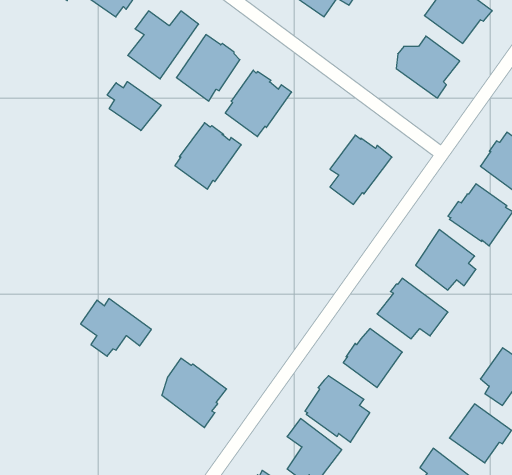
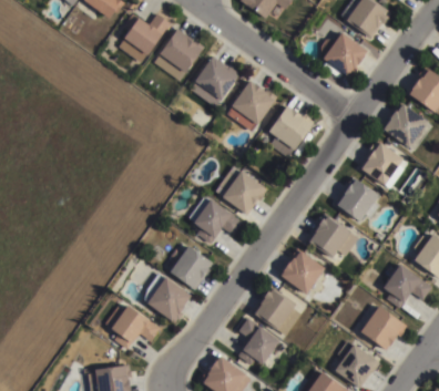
building: [107,82,161,131] -> none
building: [175,123,241,189] -> [228,80,278,130]
building: none -> [215,165,268,215]
building: none -> [188,196,243,243]
building: [81,299,151,356] -> [106,306,160,349]
building: none -> [171,246,214,290]

